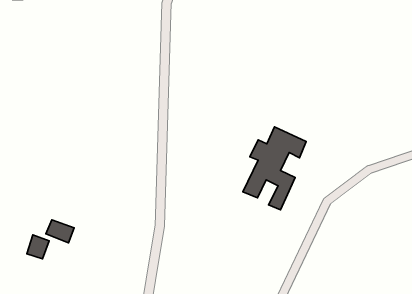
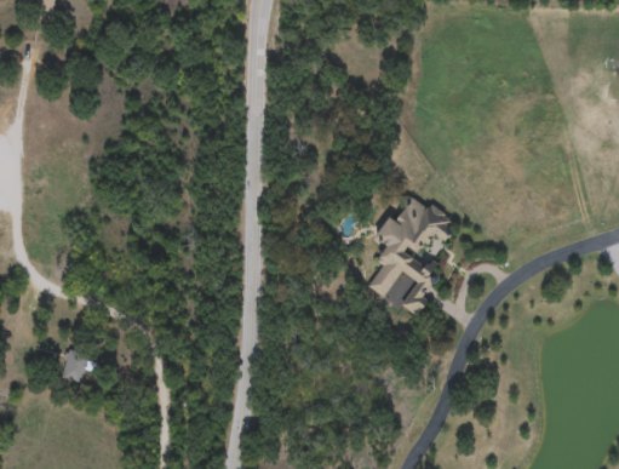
building: [46,220,74,243] -> none

